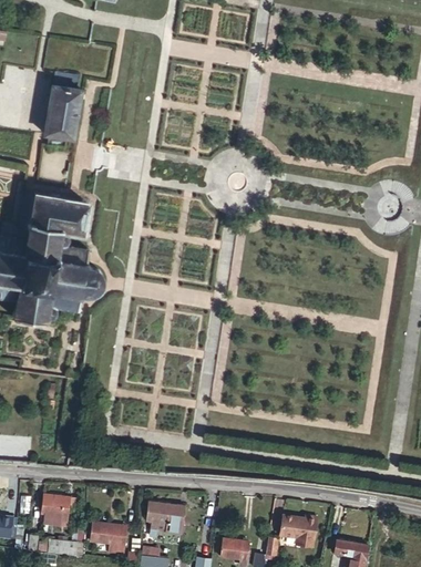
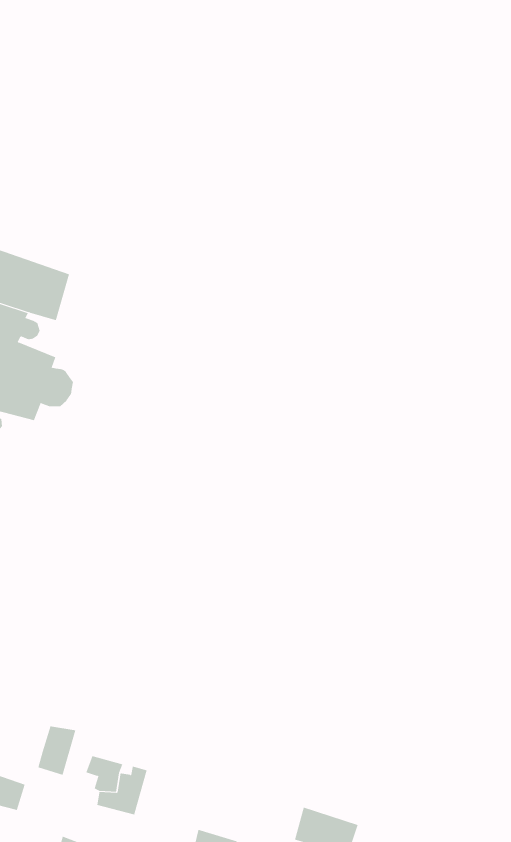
building: [45,83,83,138] -> none
building: [109,527,129,556] -> [37,726,76,775]

